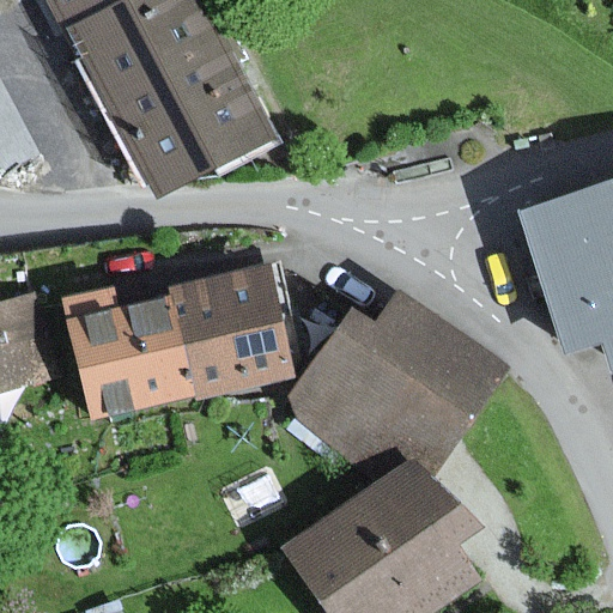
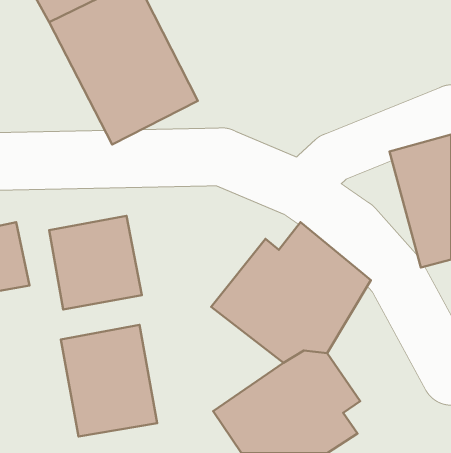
building: [170,272,292,396] -> none
building: none -> [61,325,157,437]

